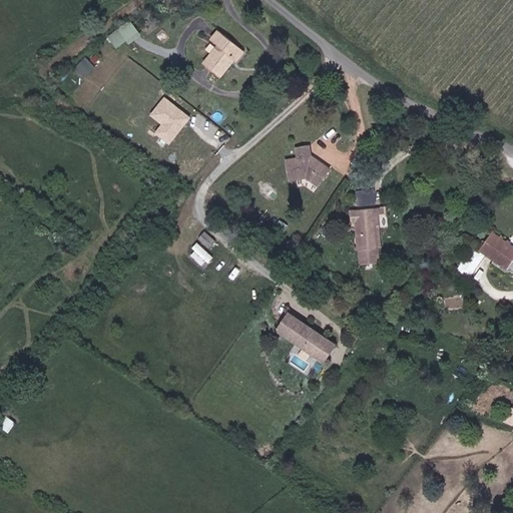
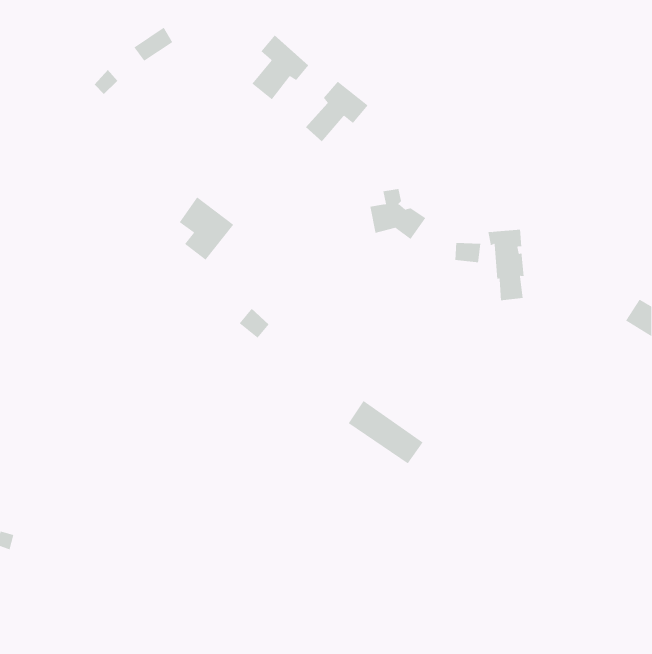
building: none -> [305,81,369,142]
building: [146,93,189,143] -> [179,196,234,261]
building: [353,208,382,265] -> [487,229,525,301]

